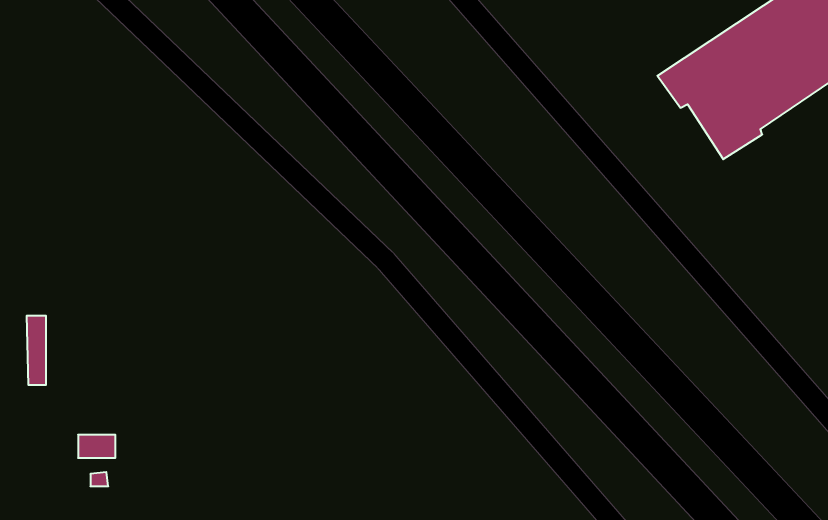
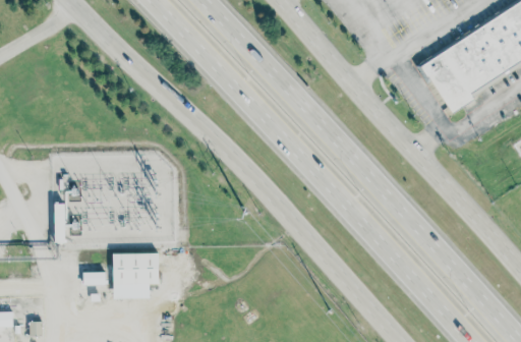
building: none -> [113,252,159,298]

